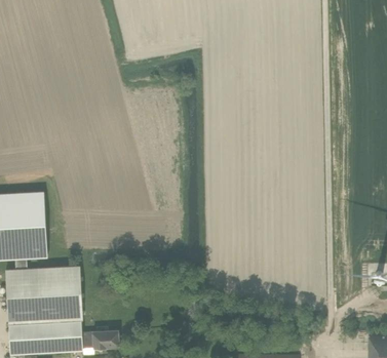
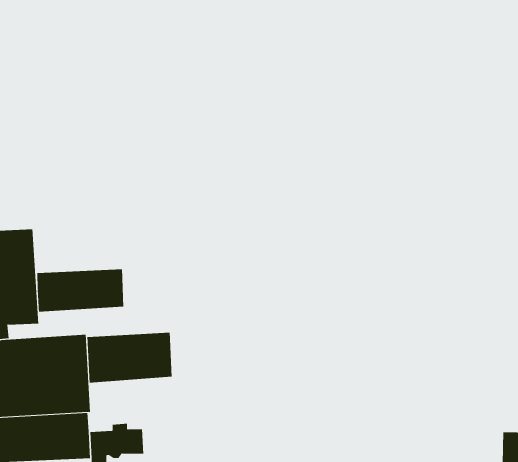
building: none -> [37,268,124,313]
building: none -> [87,332,172,383]

